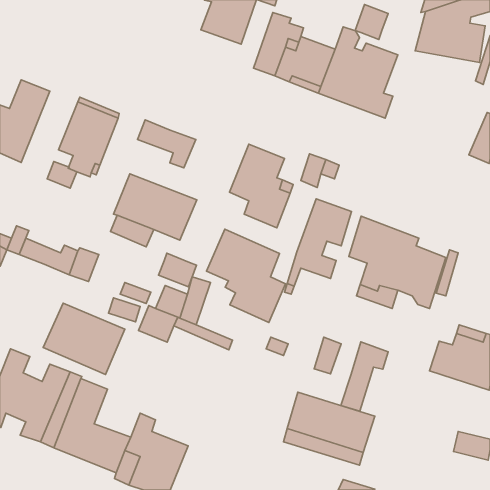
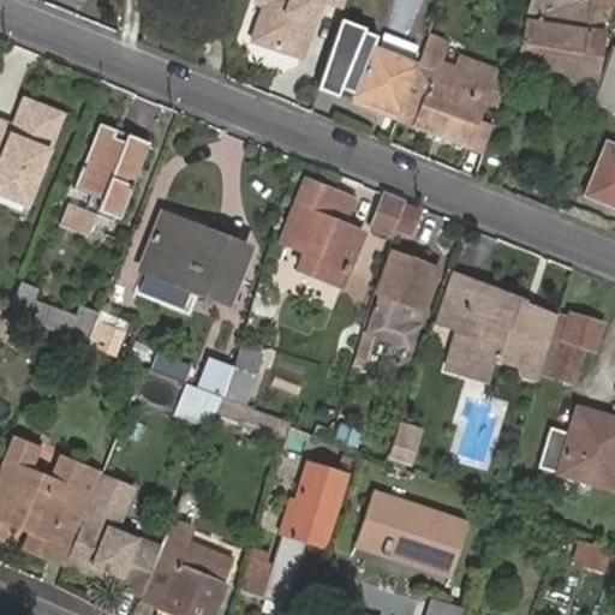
building: [355,5,388,39] -> none
building: [138,120,196,168] -> none
building: [207,229,285,323] -> none
building: none -> [557,311,604,377]
building: [159,253,196,287] -> none
building: [43,303,125,374] -> none
building: [341,342,388,411] -> none
building: none -> [239,464,346,604]

